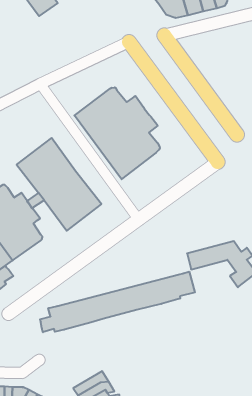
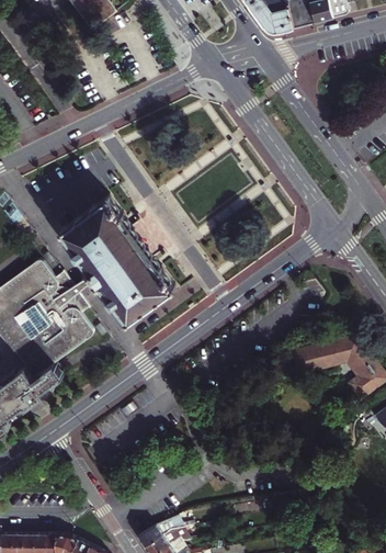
building: [74,87,160,179] -> none
building: [40,272,195,332] -> none

